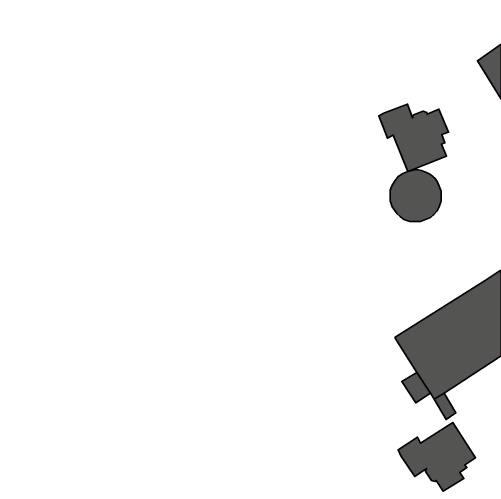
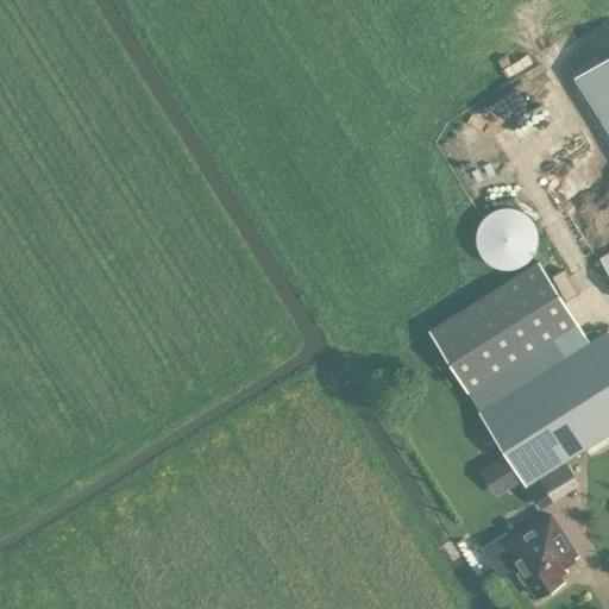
building: [379,104,448,172] -> none
building: none -> [429,263,589,412]

